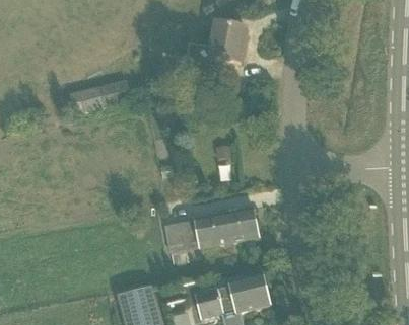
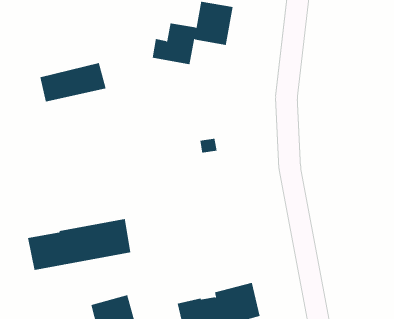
building: [165,208,259,254] -> [27,218,131,271]

